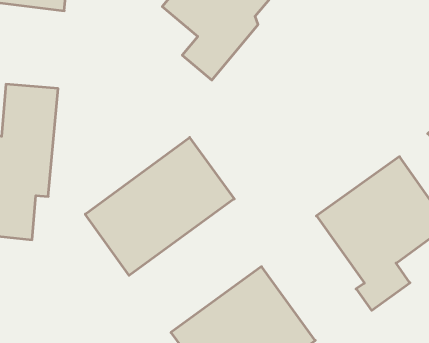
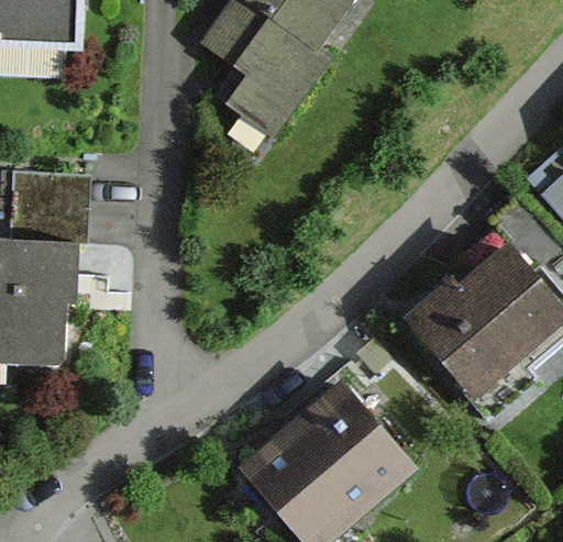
building: [85,137,234,275] -> none

